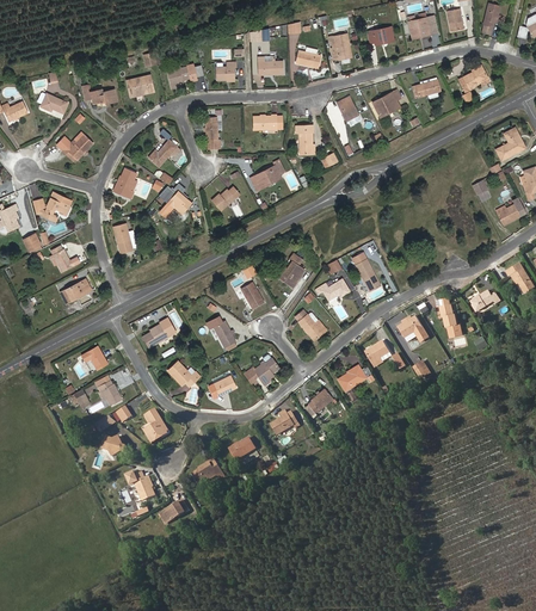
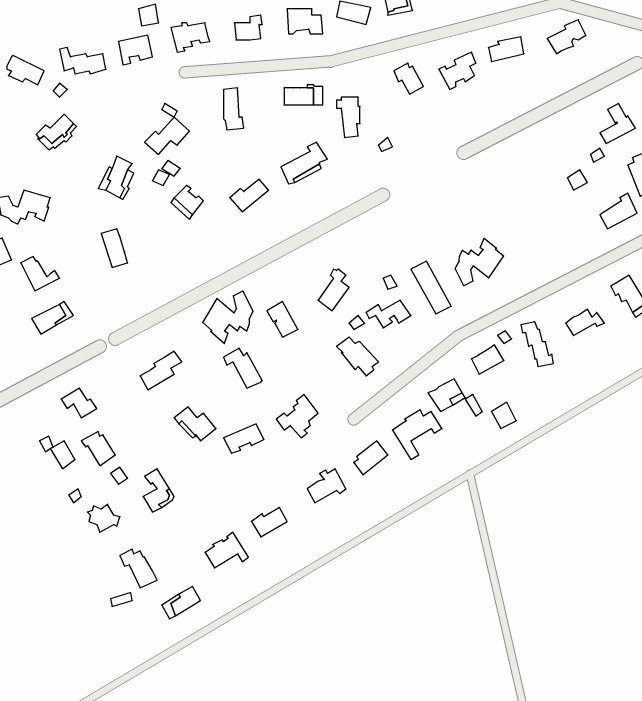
building: none -> [455,238,504,286]
building: none -> [203,291,253,344]

